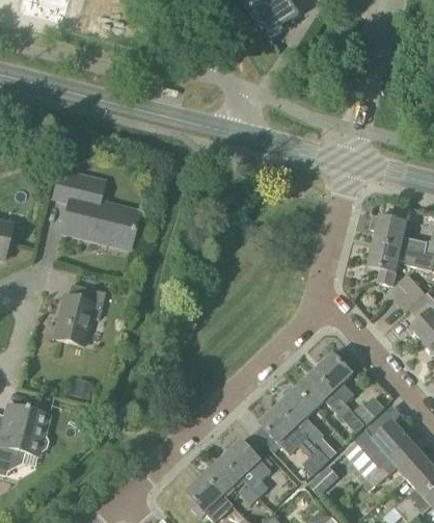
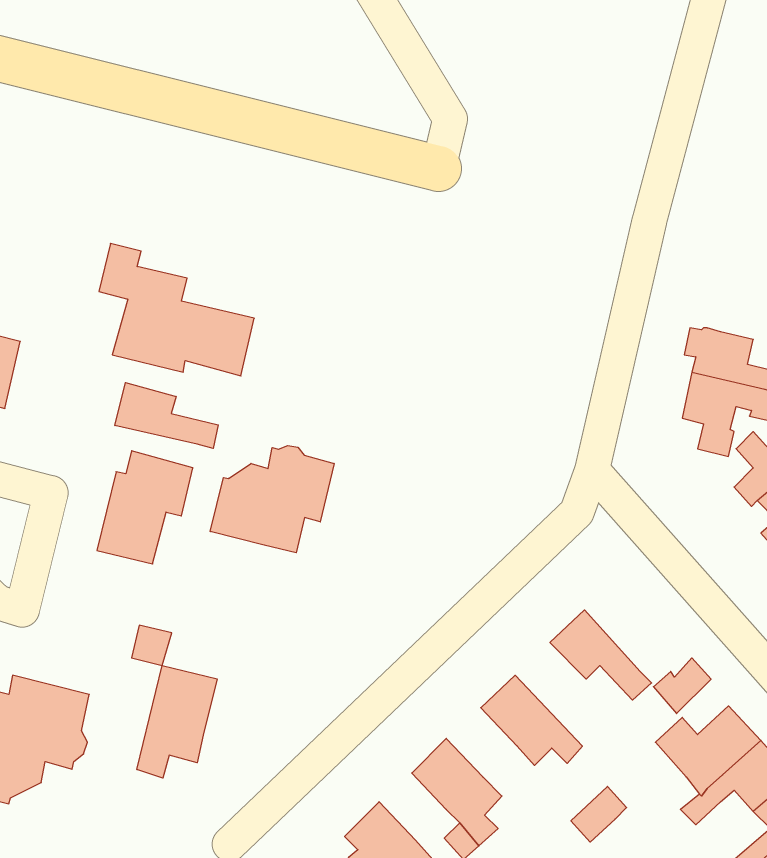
building: none -> [115,383,218,448]
building: none -> [210,446,334,553]
building: [317,352,355,402] -> none
building: [279,385,338,460] -> none
building: none -> [137,666,217,778]
building: [206,457,242,494] -> none

